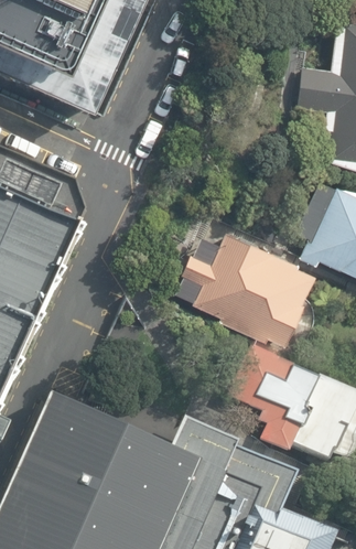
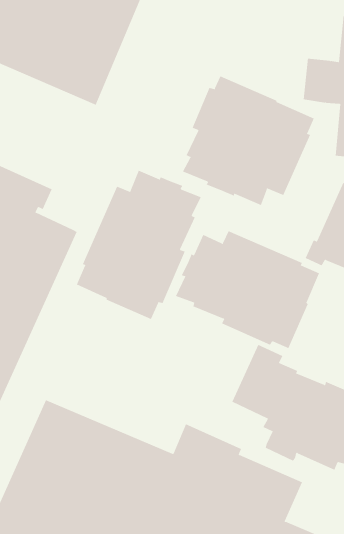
building: none -> [182,75,314,206]
building: none -> [76,170,202,320]

